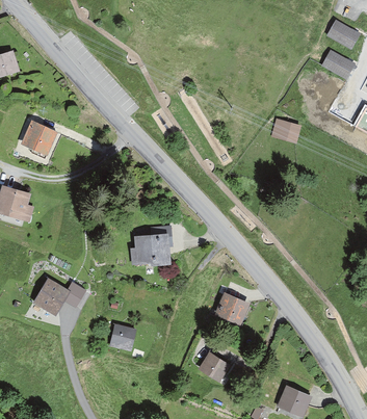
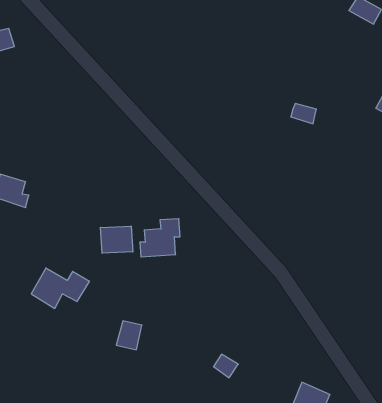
building: [323,51,353,77] -> none
building: [28,119,59,155] -> none
building: none -> [100,226,133,253]
building: [212,291,245,322] -> none

